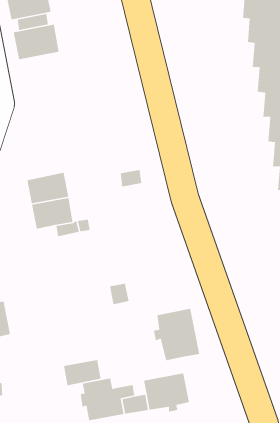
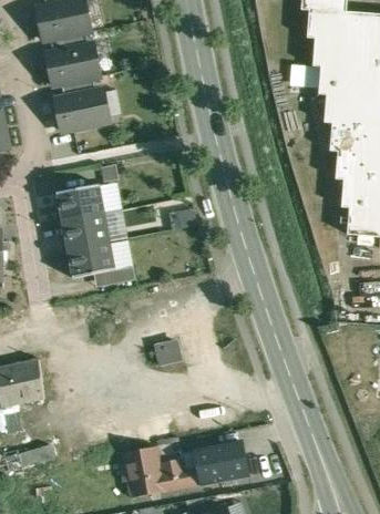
building: none -> [54,90,107,131]
building: none -> [55,184,104,220]
building: [153,308,200,361] -> none
building: [63,359,102,386] -> none

